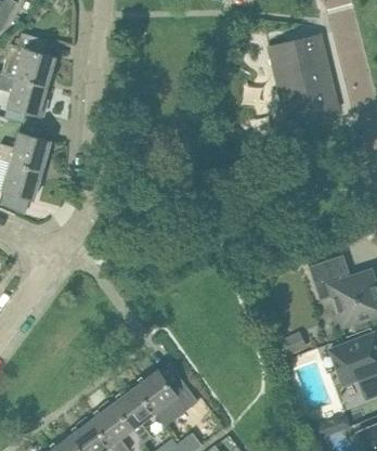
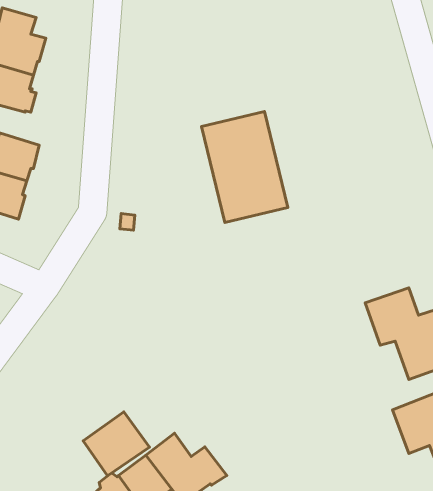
building: [269,34,337,121] -> [202,111,288,222]
building: none -> [83,412,149,476]

